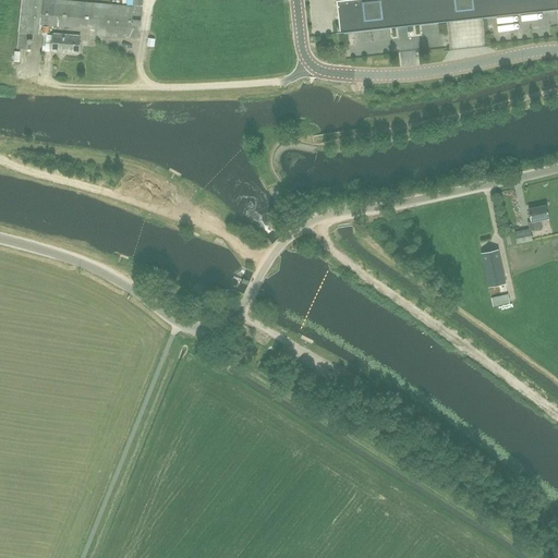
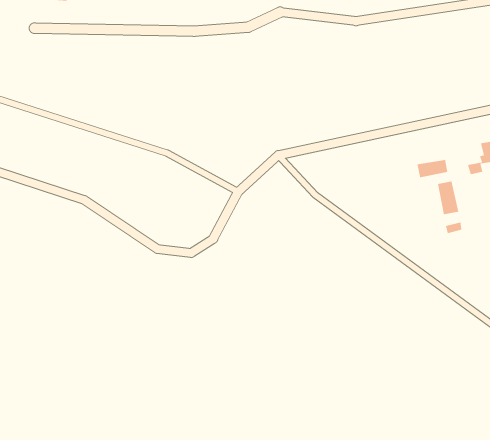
building: none -> [417,159,448,178]

